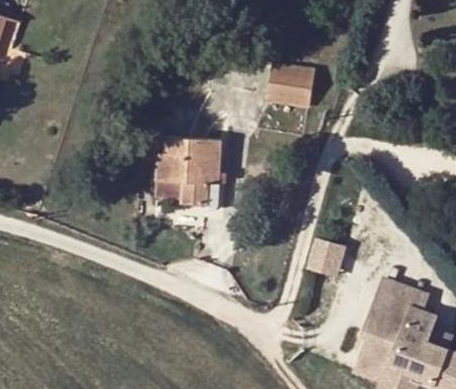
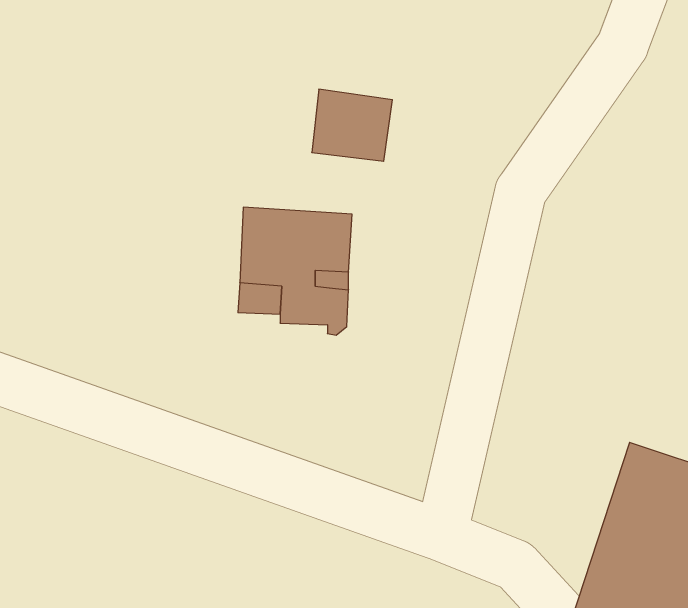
building: [269,66,315,108] -> [312,89,392,161]
building: [308,235,349,275] -> none

